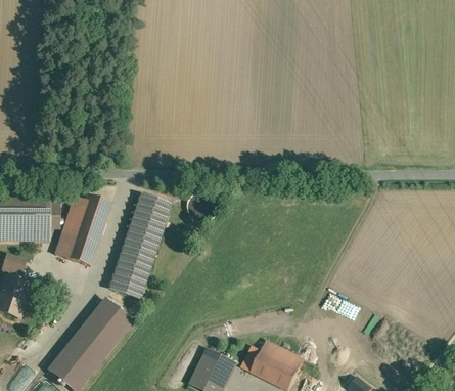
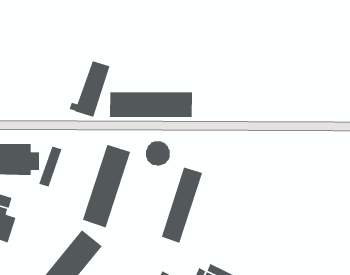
building: none -> [109,92,193,118]
building: [58,194,109,265] -> [69,60,110,118]
building: none -> [161,167,203,244]

